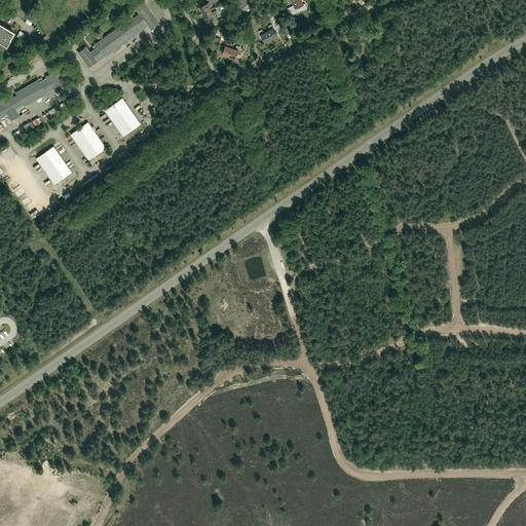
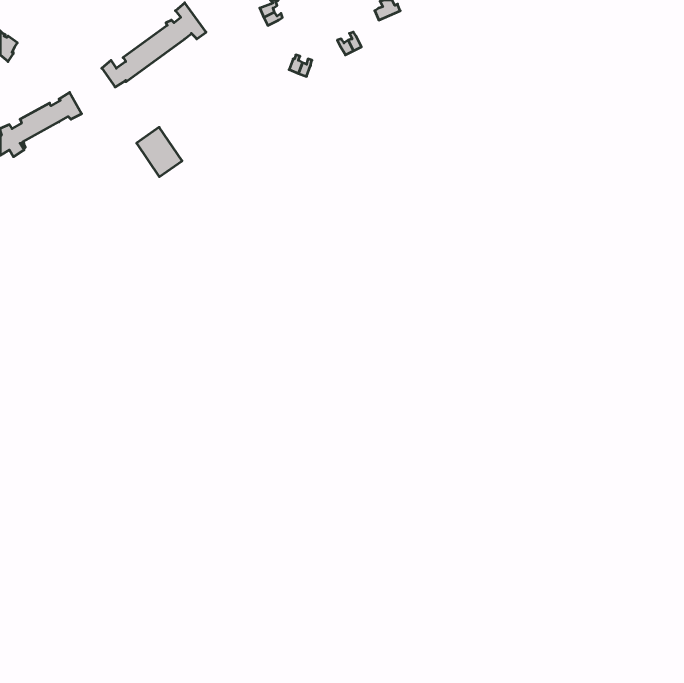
building: [70,123,106,161] -> none
building: [36,147,72,185] -> none

